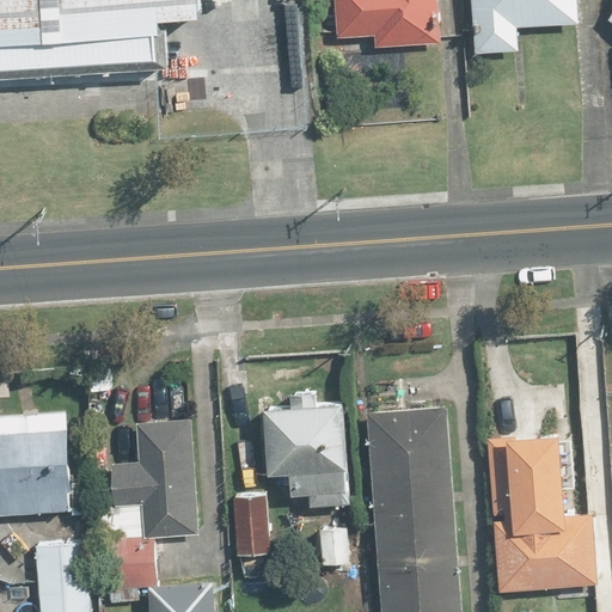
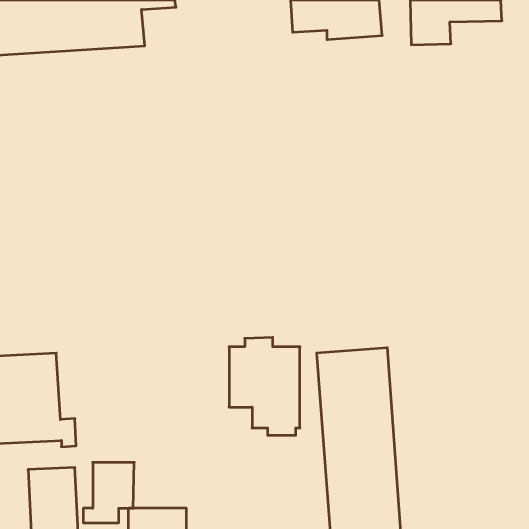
building: [110,420,192,534] -> none
building: [490,433,595,590] -> none
building: [232,495,268,556] -> none

